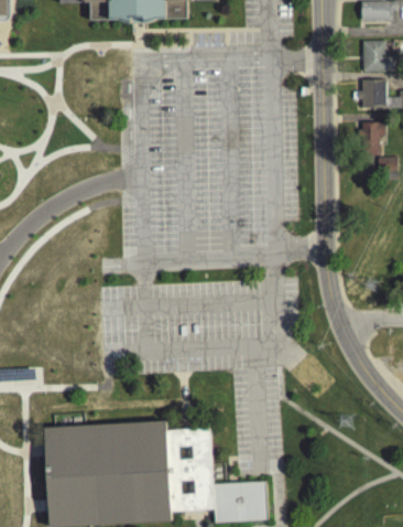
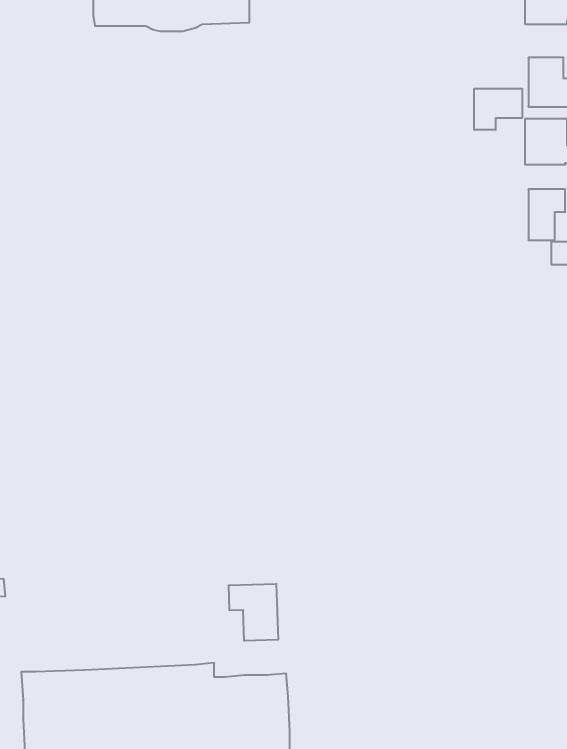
building: none -> [474,89,522,130]
building: none -> [229,584,278,641]

